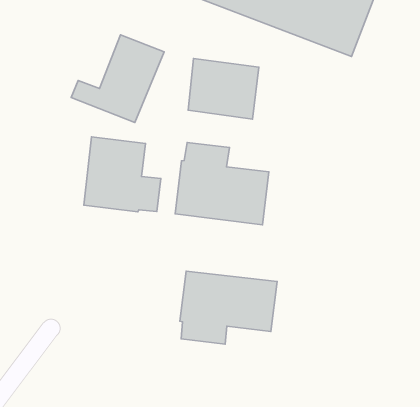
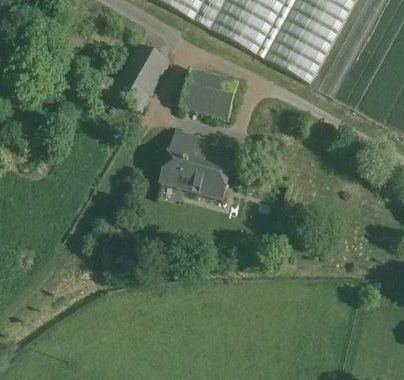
building: [84,137,161,212] -> none
building: [180,271,277,344] -> none

